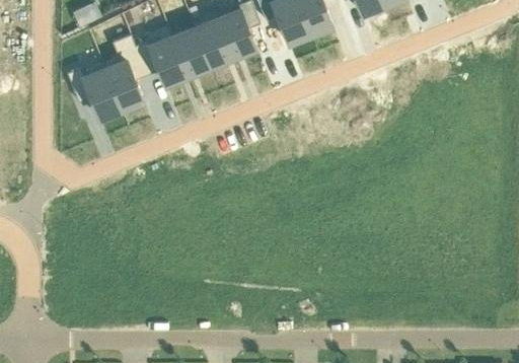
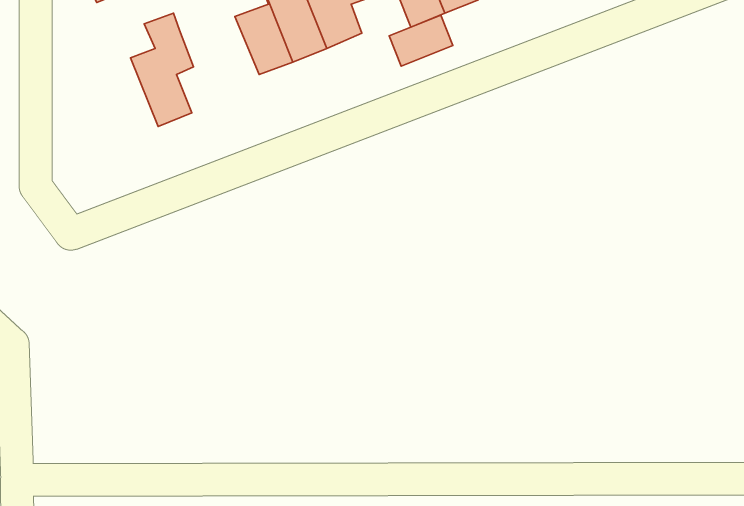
building: none -> [389,15,453,66]
building: [136,38,189,85] -> none
building: [68,65,122,120] -> none

